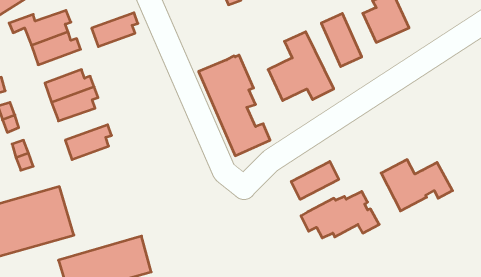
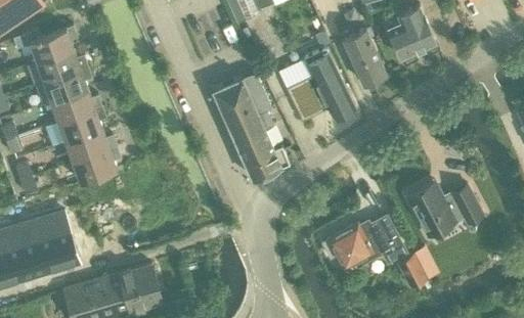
building: [92,13,138,47] -> [43,66,92,102]
building: none -> [64,129,117,163]
building: [291,161,339,199] -> none
building: none -> [396,254,427,288]

